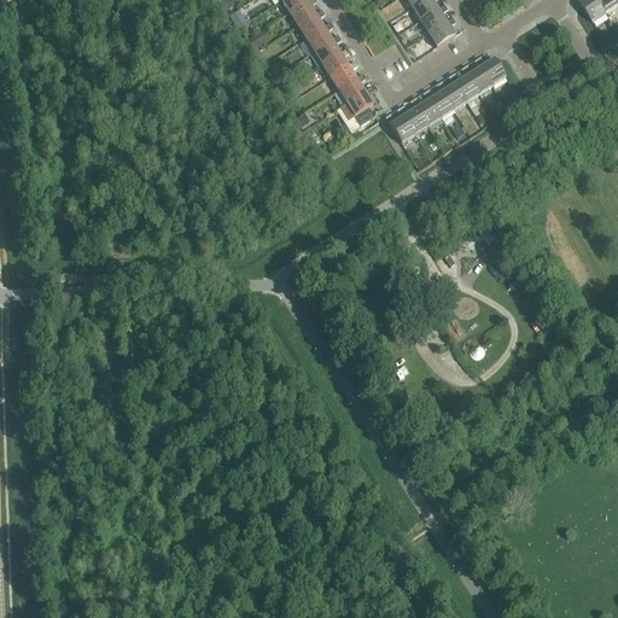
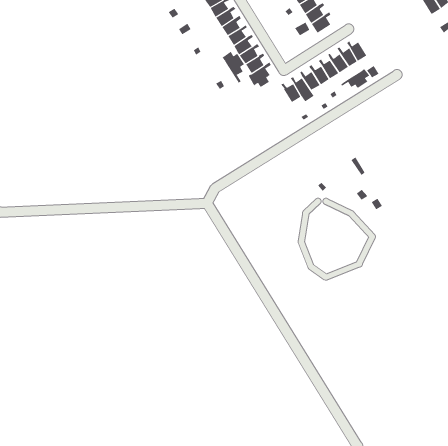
building: none -> [222,51,245,84]
building: none -> [340,68,370,89]

